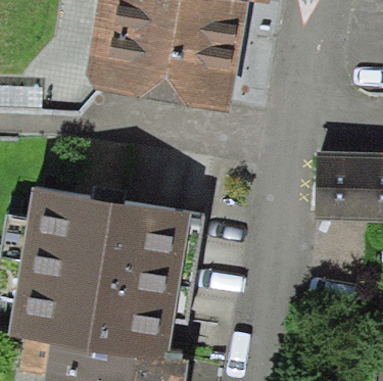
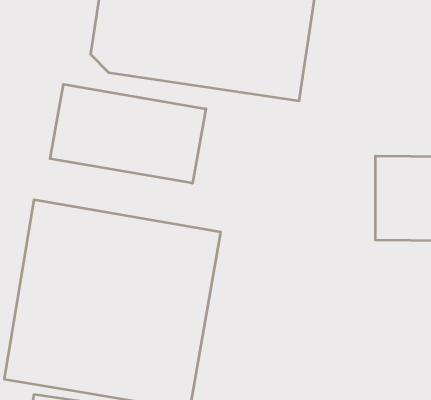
building: none -> [50,84,206,183]

